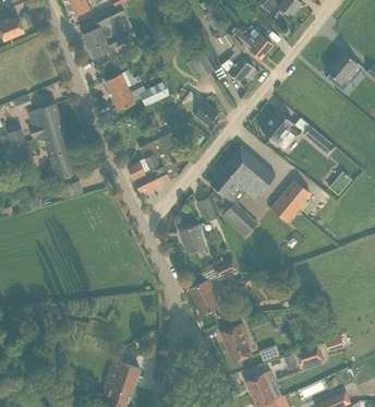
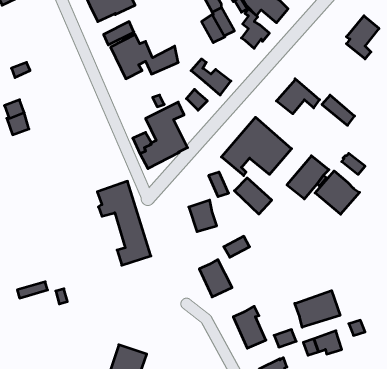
building: [27,103,77,181] -> [97,181,151,265]
building: none -> [315,171,360,214]
building: none -> [295,291,340,327]

